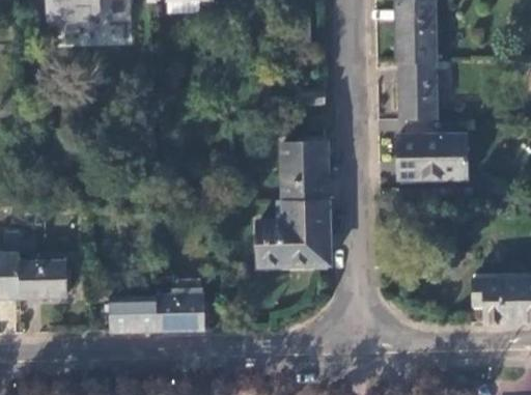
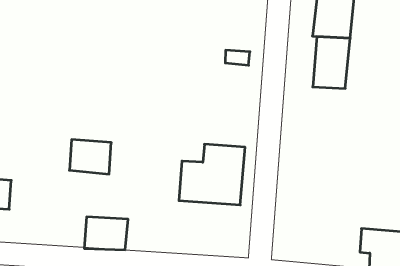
building: [397,136,466,181] -> none
building: [281,145,329,200] -> none
building: [110,297,157,333] -> [69,140,111,174]

